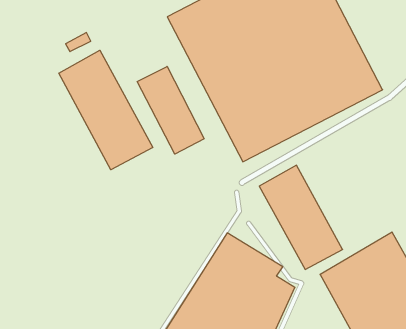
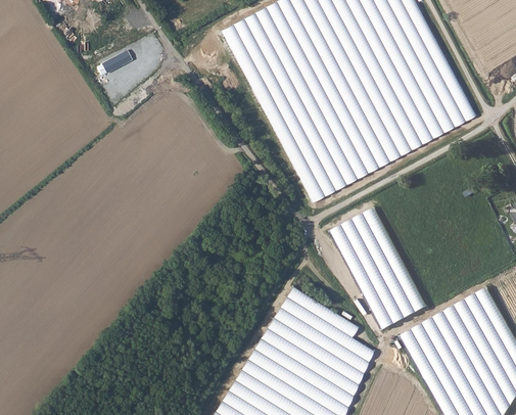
building: [59,50,153,170] -> none
building: [137,66,204,154] -> none

